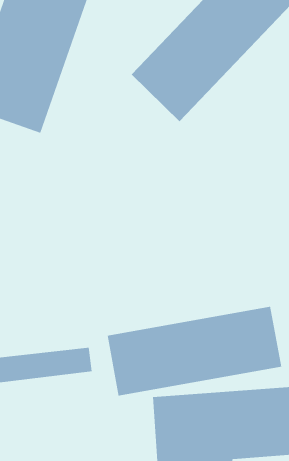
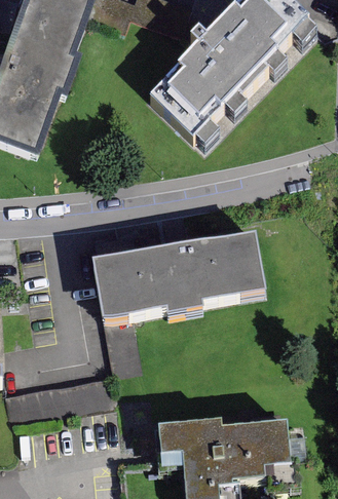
building: [107,306,282,396] -> [91,230,269,321]

